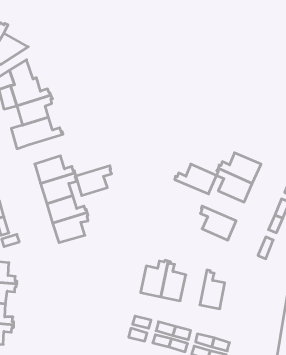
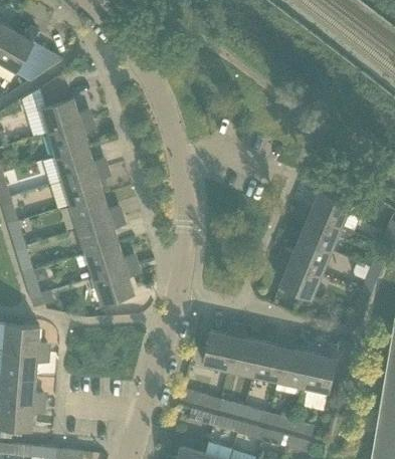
building: [175,164,217,194] -> [279,238,332,275]
building: [76,166,112,196] -> [64,168,109,205]
building: none -> [252,335,285,380]
building: none -> [299,347,336,412]

